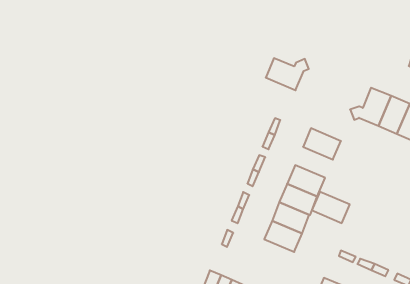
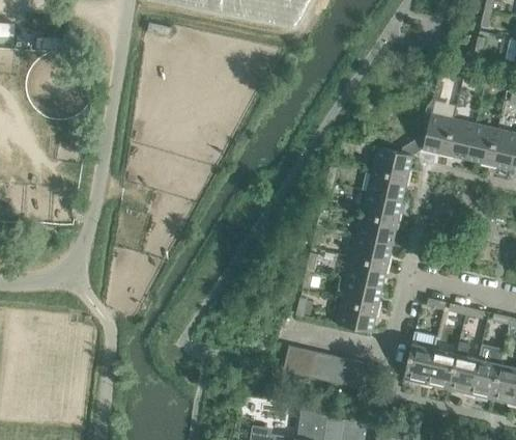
building: [266,58,309,90] -> [372,142,418,178]
building: [312,192,350,223] -> [362,192,402,222]
building: none -> [337,301,377,332]

